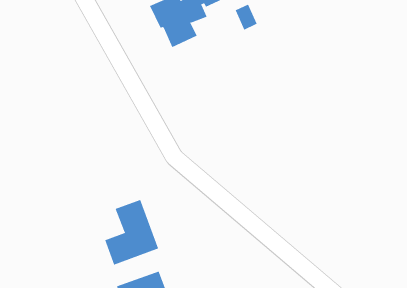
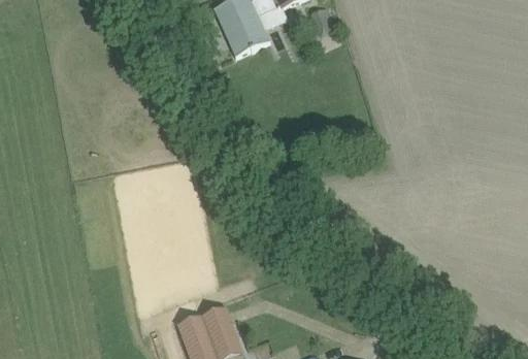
building: [105,199,159,265] -> none

